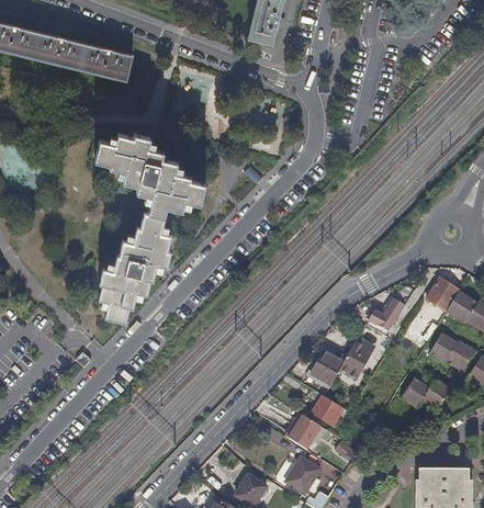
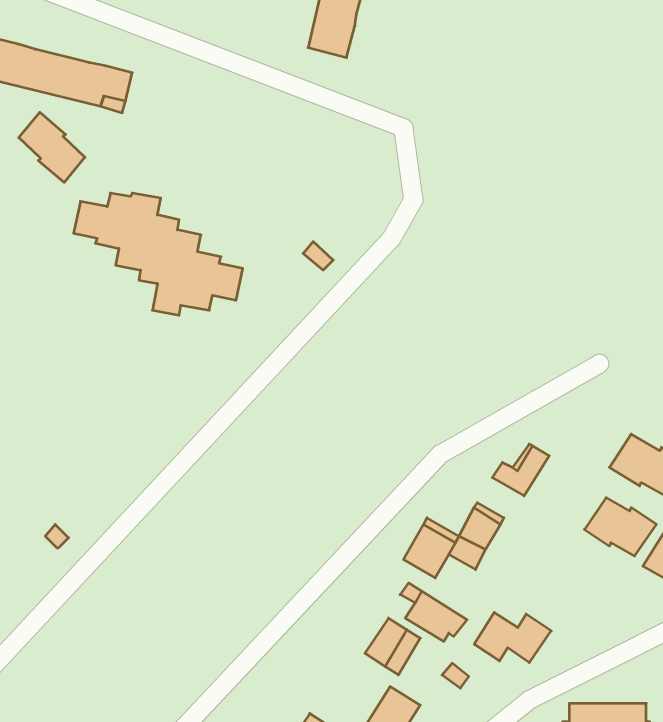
building: none -> [19,112,85,182]
building: [97,210,170,323] -> none
building: [425,279,459,313] -> none
building: [401,377,451,410] -> [474,612,551,663]

